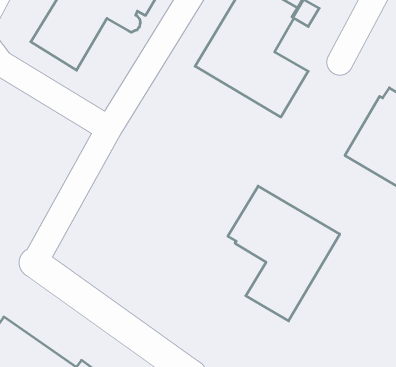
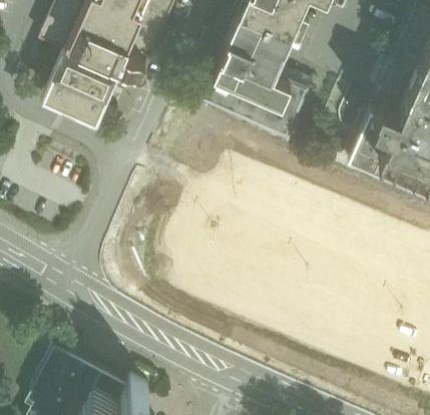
building: [228,186,340,321] -> none

